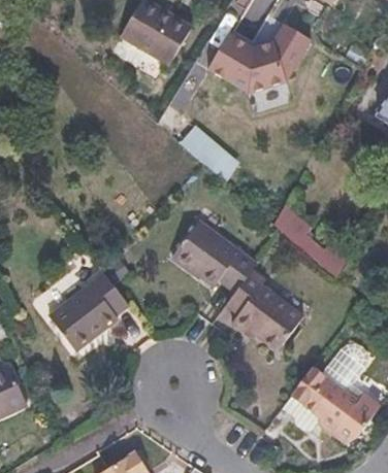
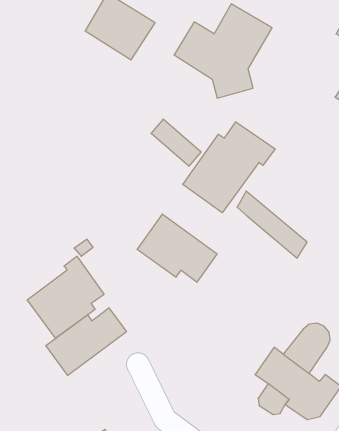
building: none -> [183,122,275,213]
building: [222,277,299,357] -> none
building: none -> [46,308,126,376]

